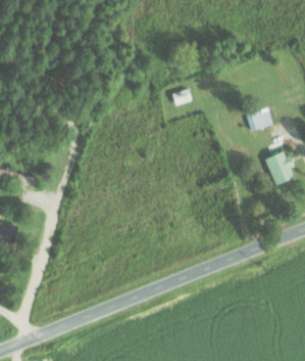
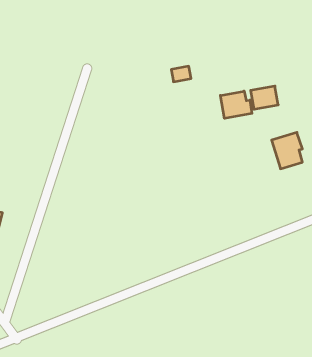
building: none -> [220,91,252,118]

